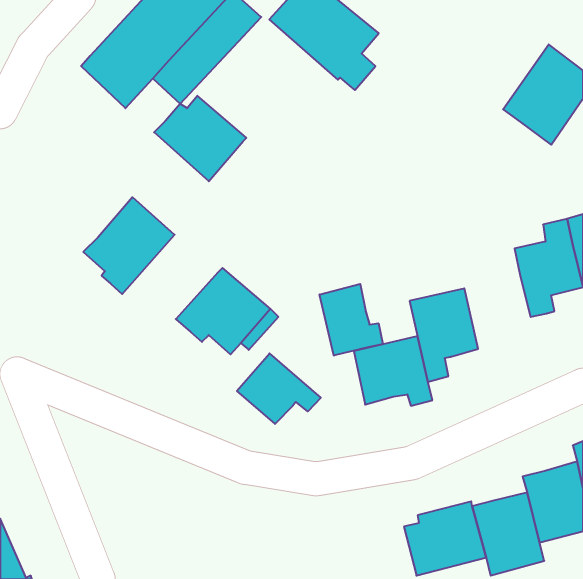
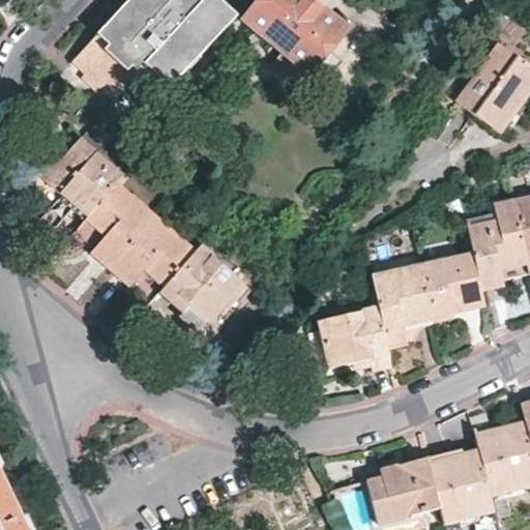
building: [154,96,246,181] -> [39,138,123,215]
building: none -> [111,213,198,297]
building: none -> [421,251,485,322]
building: [320,284,383,356] -> none
building: [237,353,321,424] -> none

